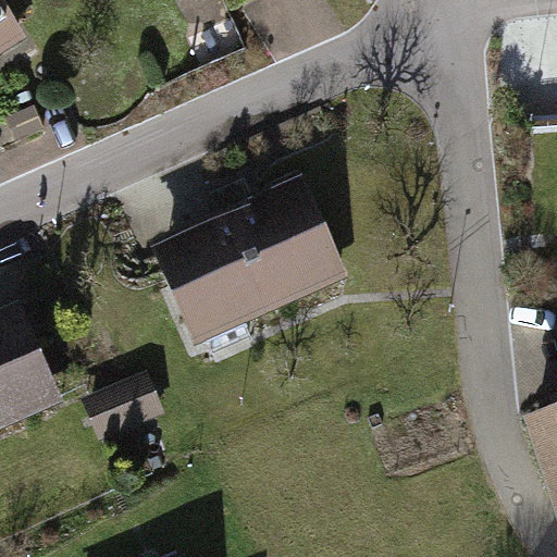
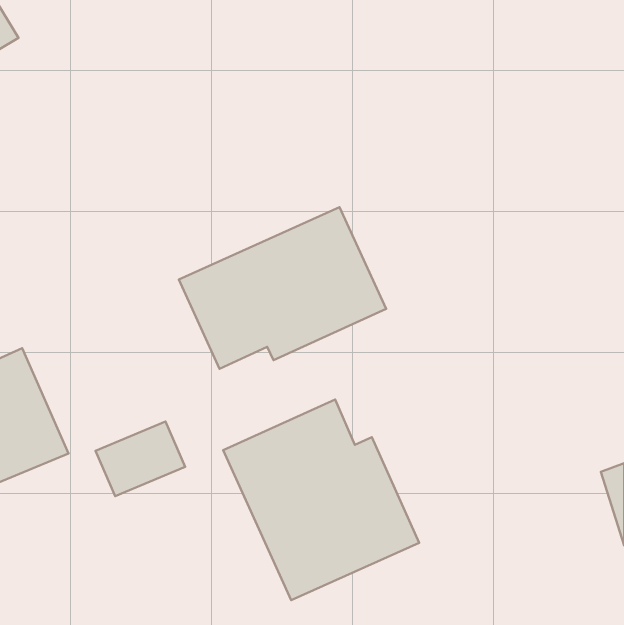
building: none -> [223,400,419,600]

